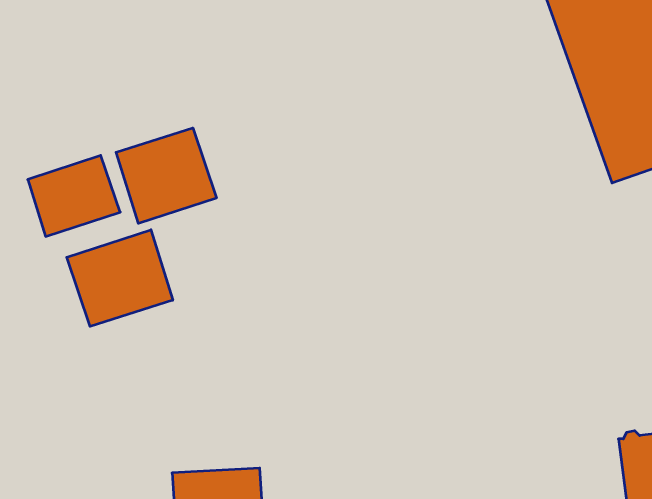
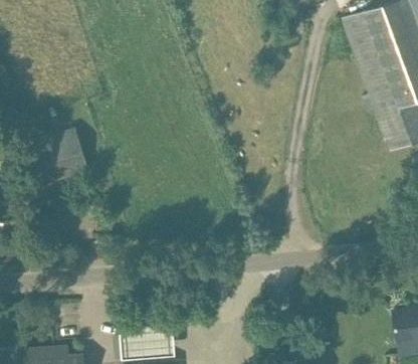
building: [116,128,216,223] -> none
building: [67,230,173,326] -> none

